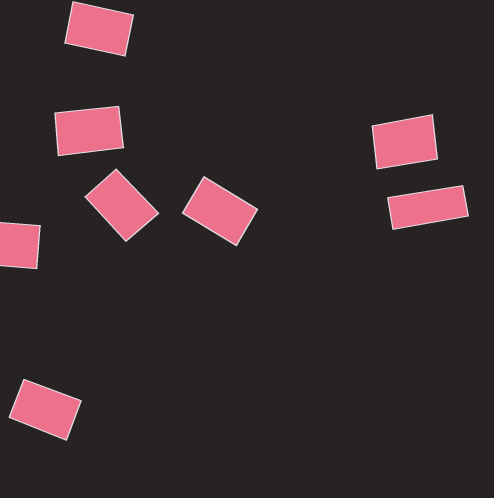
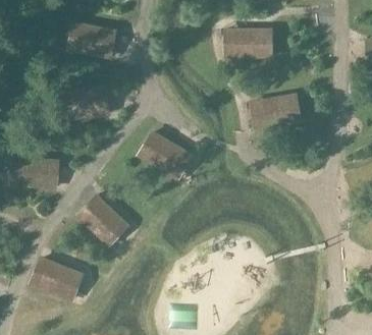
building: none -> [233,32,273,58]
building: [85,169,159,241] -> [79,197,125,241]
building: [388,186,468,229] -> none

